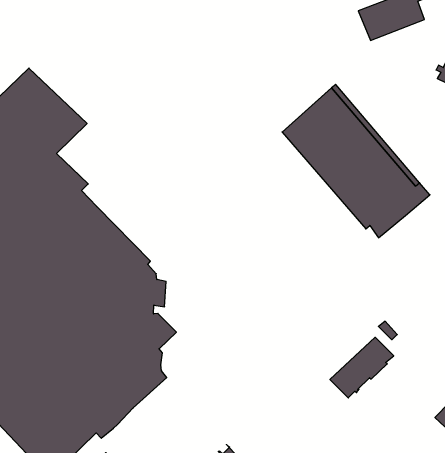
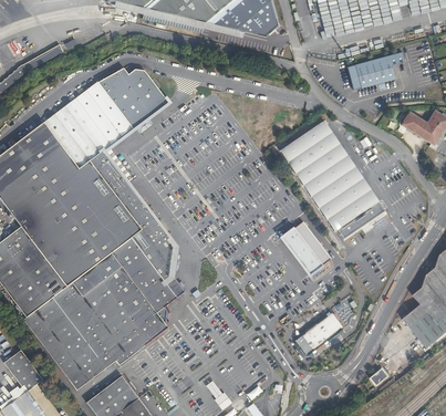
building: none -> [96,64,172,127]
building: none -> [280,221,332,281]

